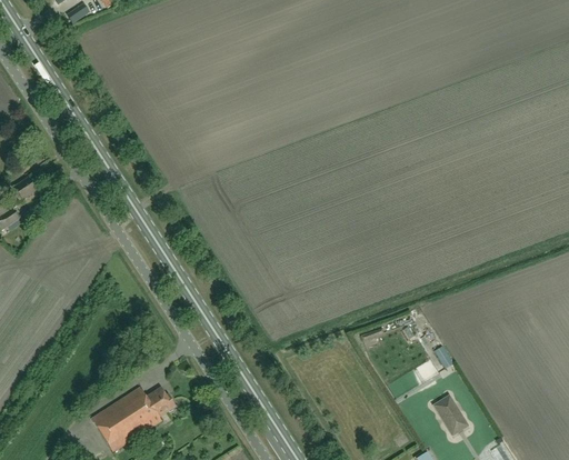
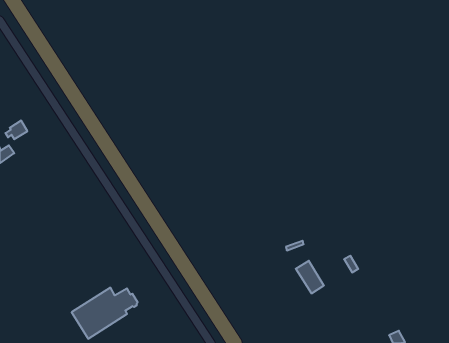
building: [432,394,468,436] -> [296,261,324,293]

